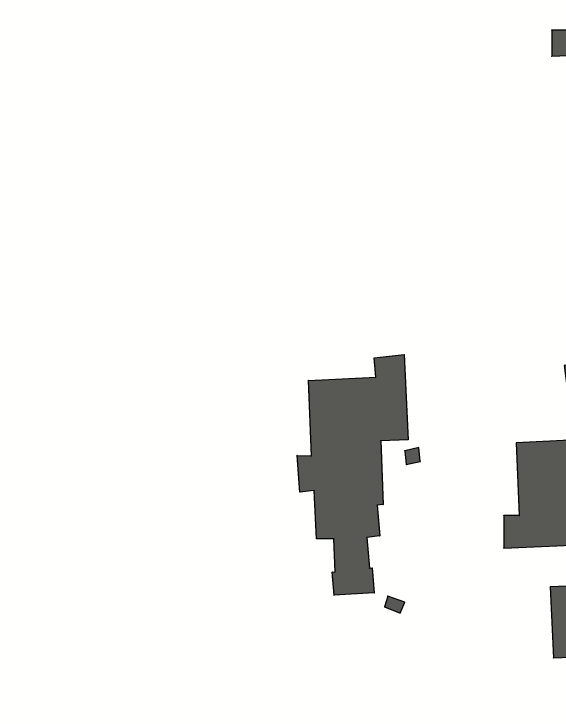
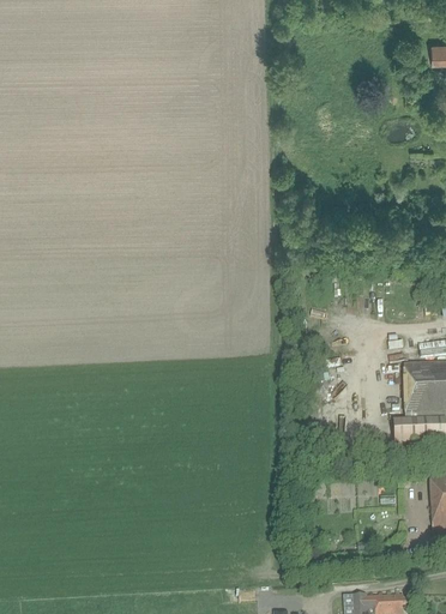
building: [297,355,408,595] -> none

